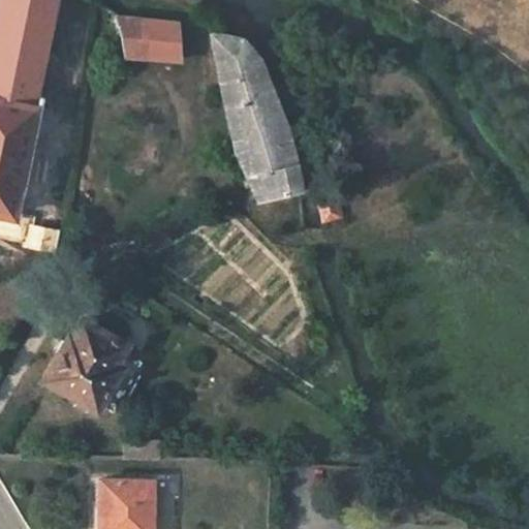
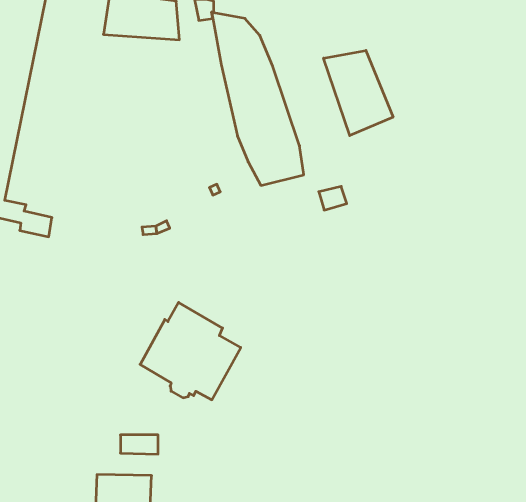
building: none -> [324,50,393,136]
building: [44,318,142,412] -> [140,302,241,400]

